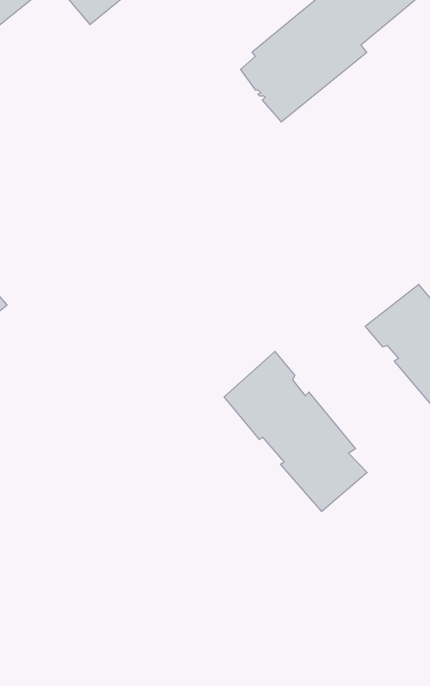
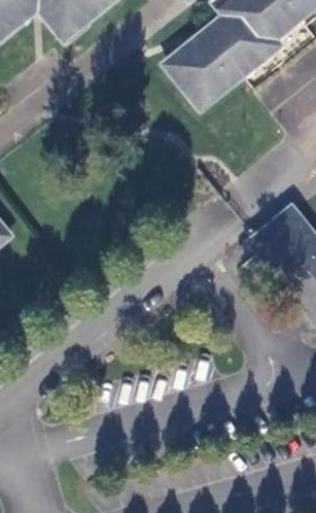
building: [224,351,367,511] -> none

